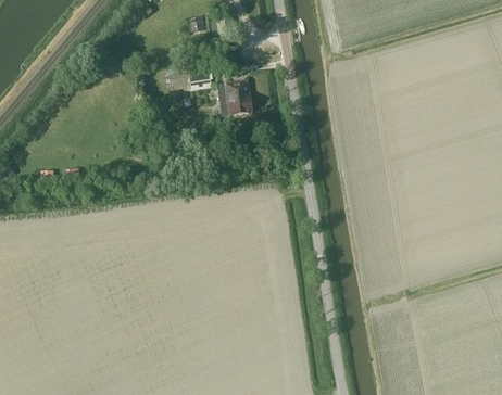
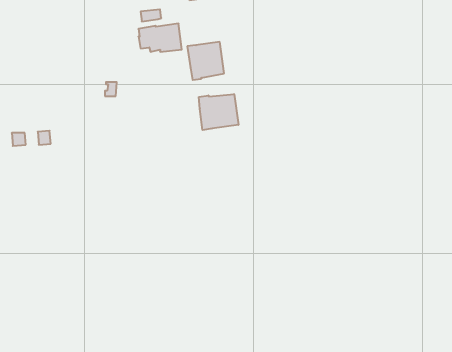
building: none -> [199,94,238,130]

